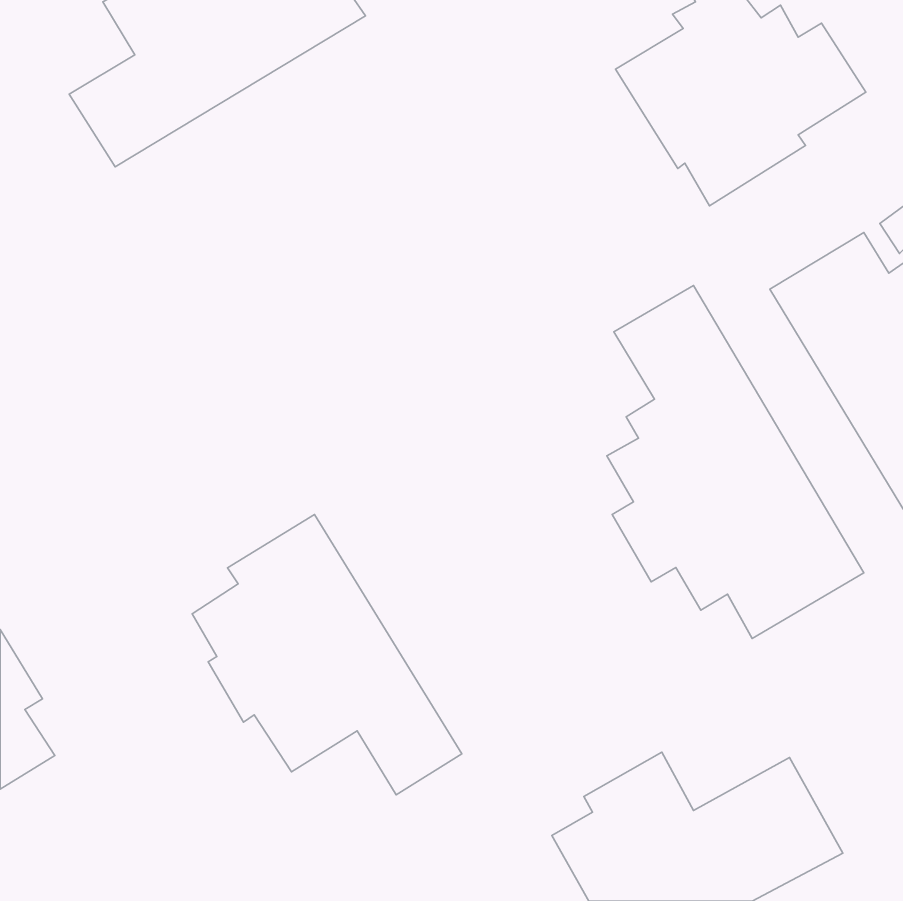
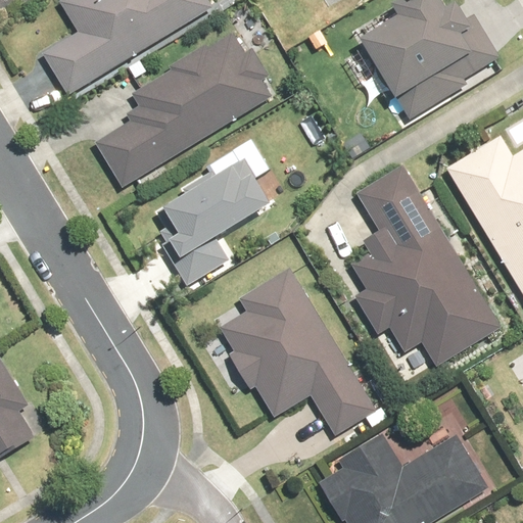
building: none -> [96,33,273,187]
building: none -> [160,140,267,281]
building: [192,514,462,795] -> [219,270,374,431]

